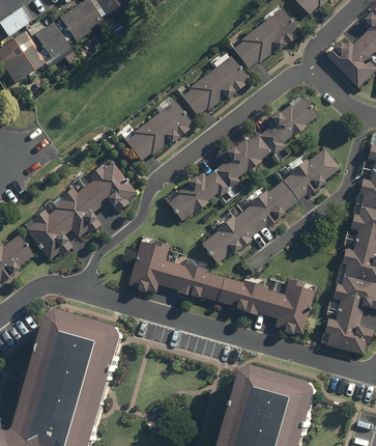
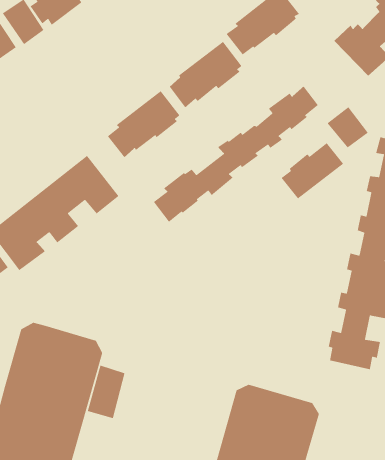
building: none -> [326,106,369,149]
building: [200,179,296,261] -> none
building: [126,235,316,333] -> none
building: none -> [87,365,126,419]

